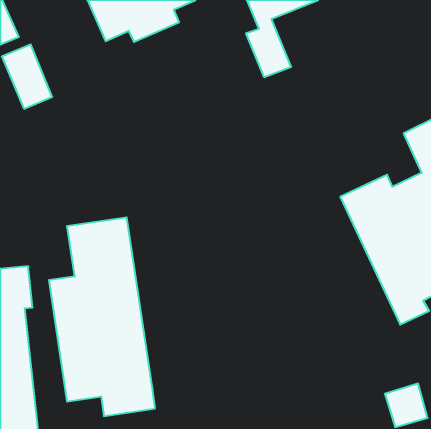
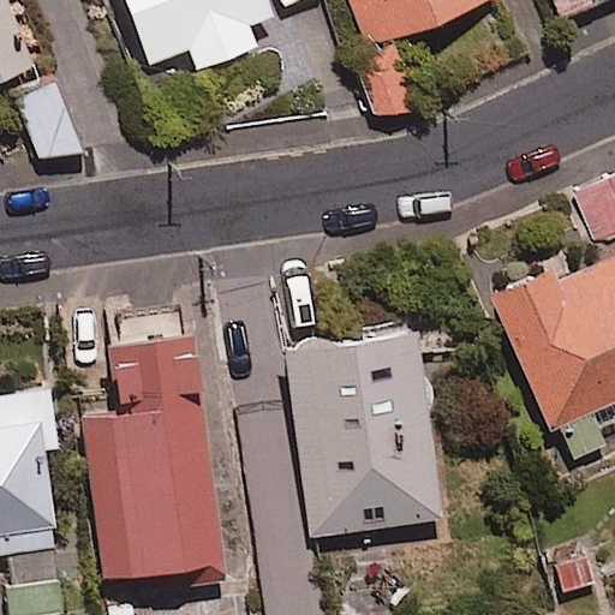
building: none -> [282,323,442,538]

